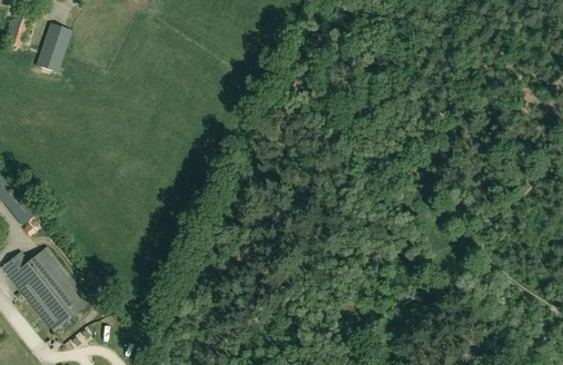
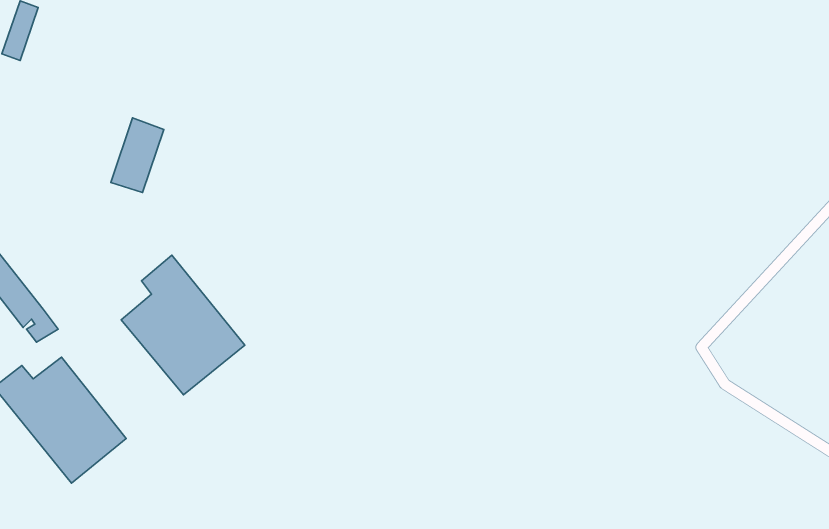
building: [36,22,71,72] -> [111,118,164,192]
building: none -> [121,255,245,395]

